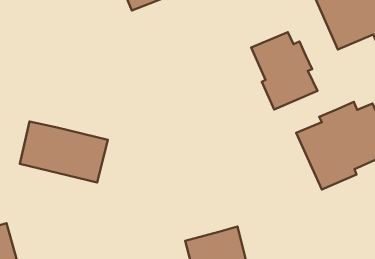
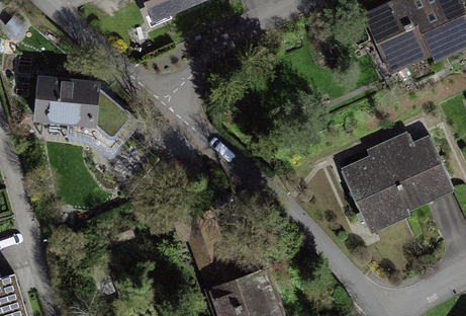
building: [251,32,317,110] -> none
building: [20,121,108,182] -> [27,76,127,146]

